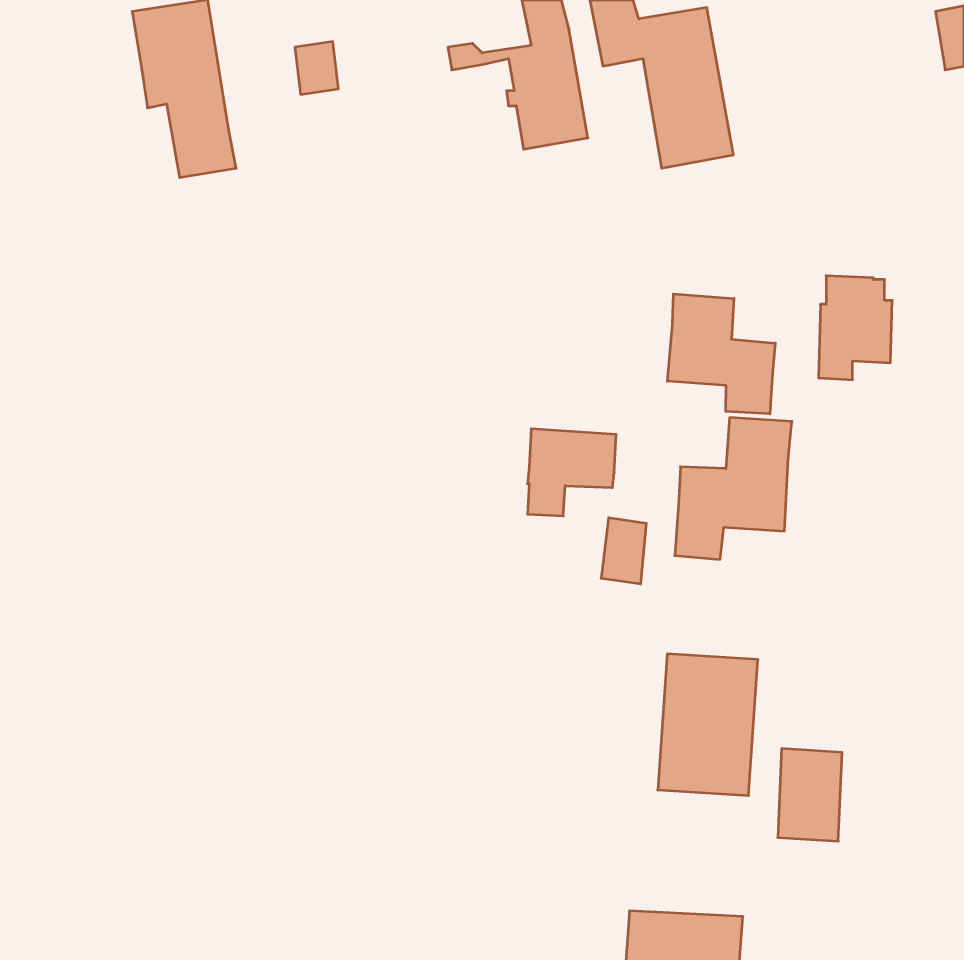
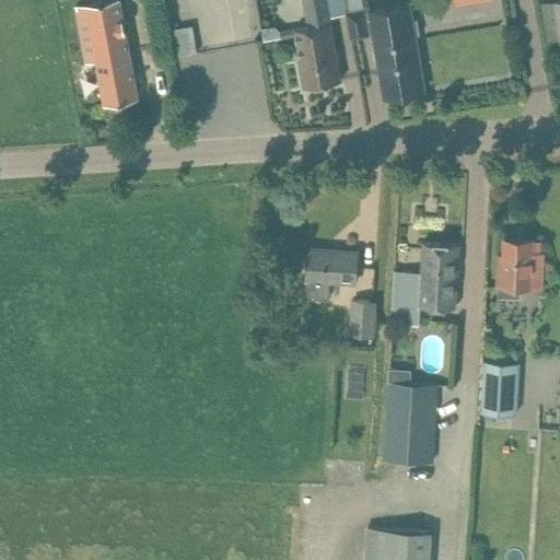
building: [819,276,892,380] -> [499,242,541,302]
building: [667,294,775,414] -> none
building: [778,749,842,841] -> [480,364,517,418]

